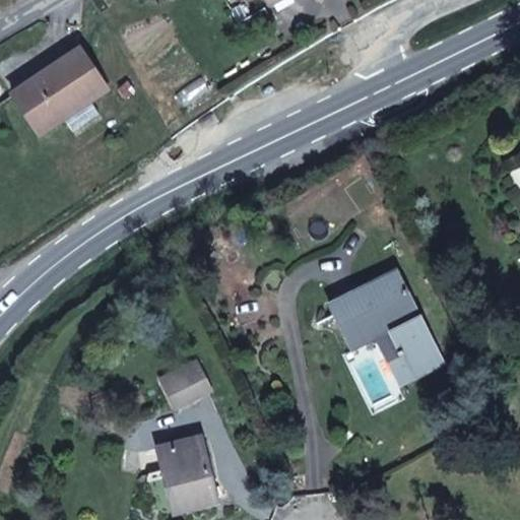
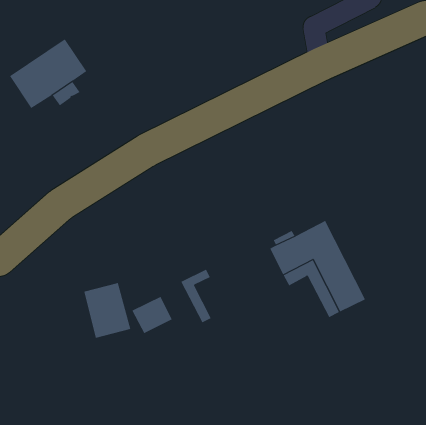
building: none -> [181,269,211,323]
building: [157,439,215,507] -> [83,282,131,338]

